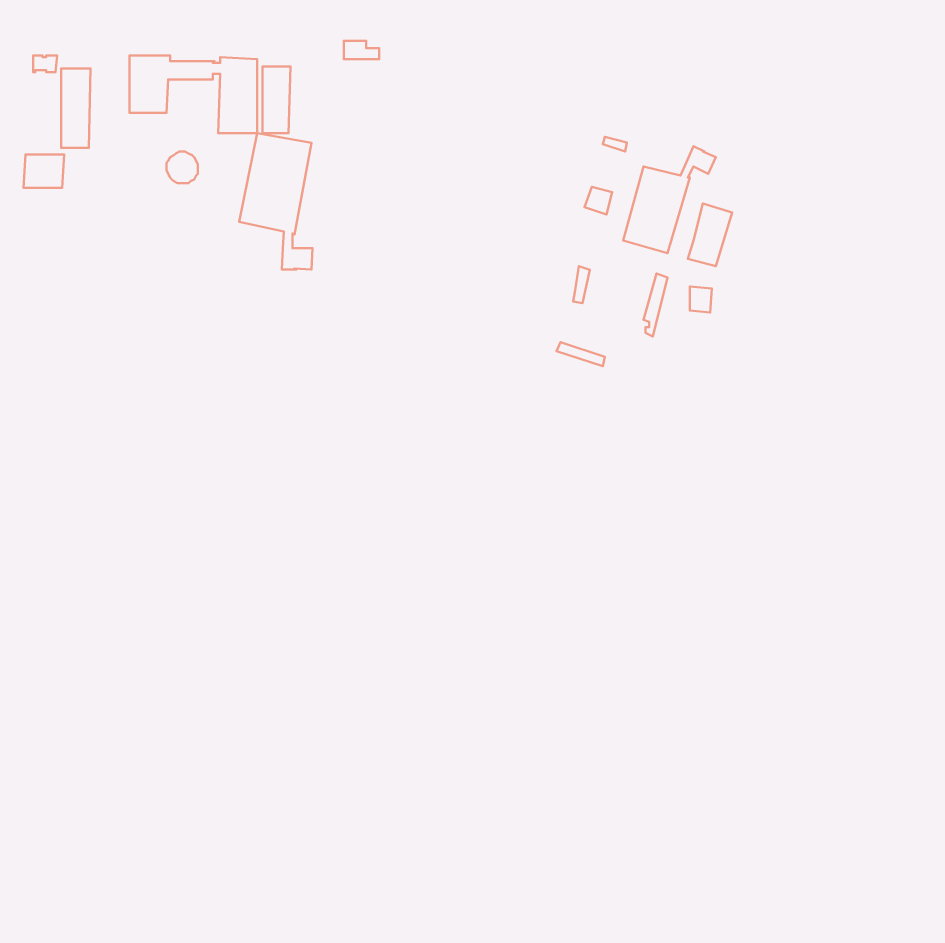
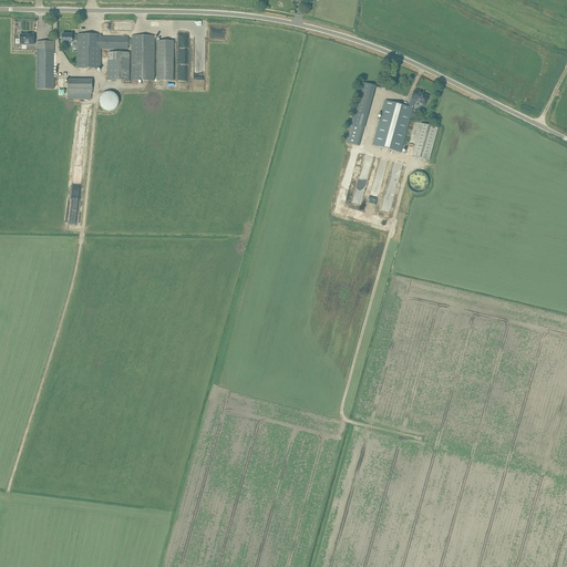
building: none -> [107,51,130,80]
building: [239,133,312,270] -> none
building: [23,154,64,188] -> [68,79,92,99]

